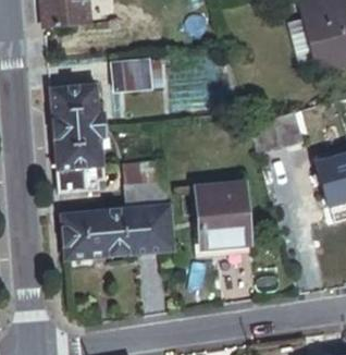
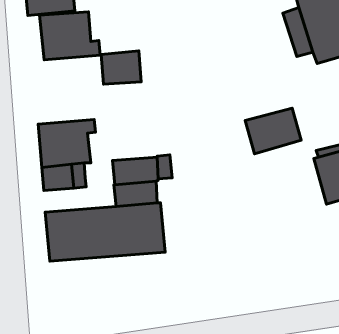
building: [50,83,108,128] -> [39,12,100,60]
building: [196,181,251,246] -> none

